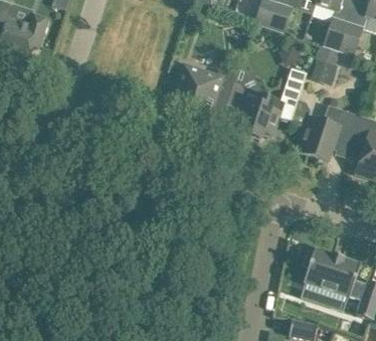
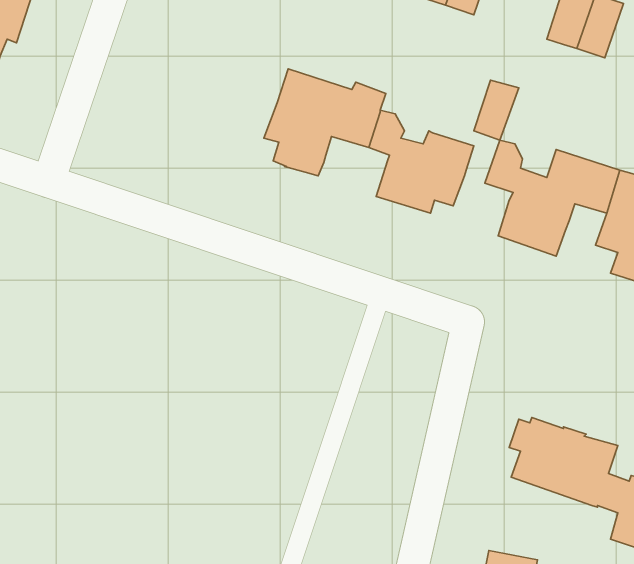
building: [312,44,339,82] -> none

